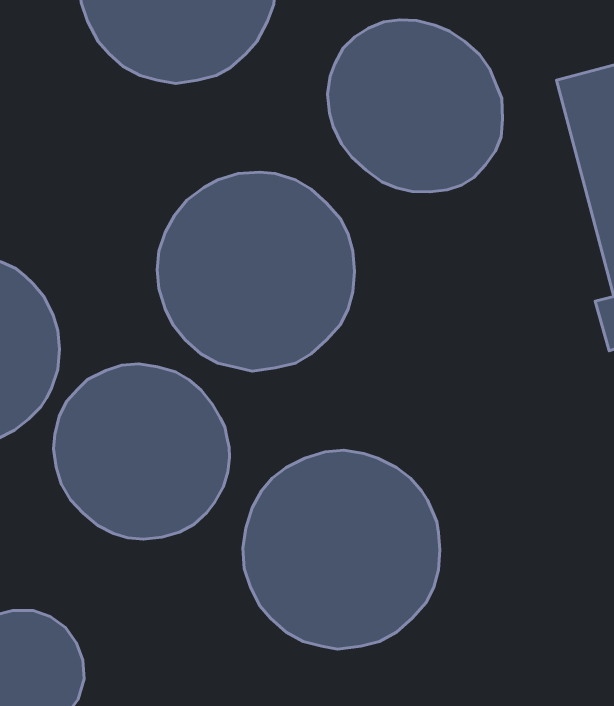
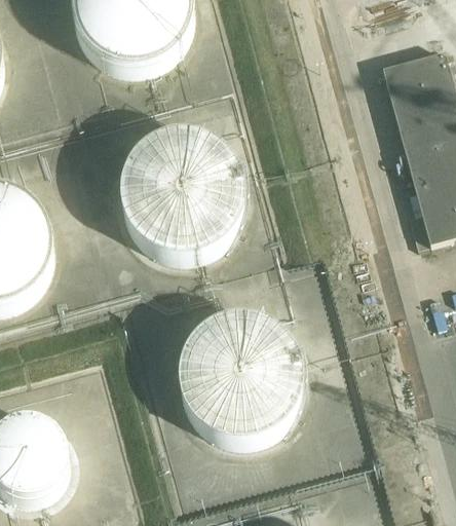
building: [328,20,502,192] -> none
building: [53,364,229,539] -> none

